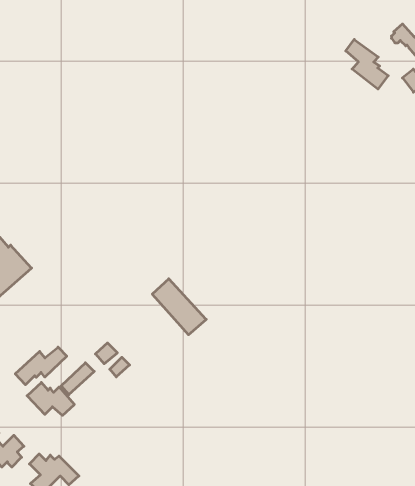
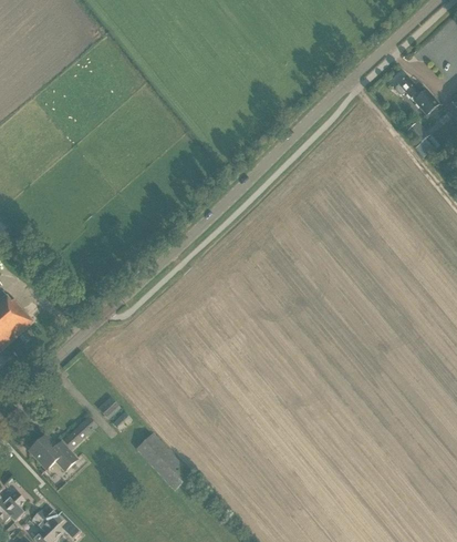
building: [346,39,388,89] -> none
building: [152,279,206,335] -> [135,432,189,489]
building: [15,347,67,385] -> none

